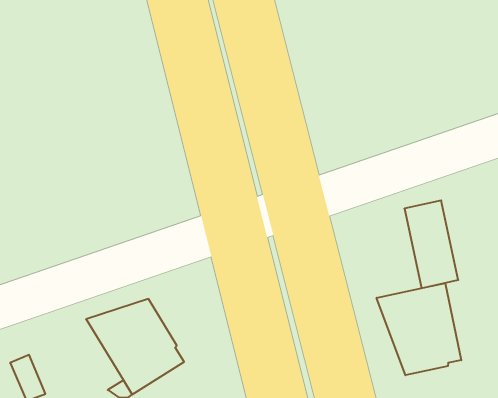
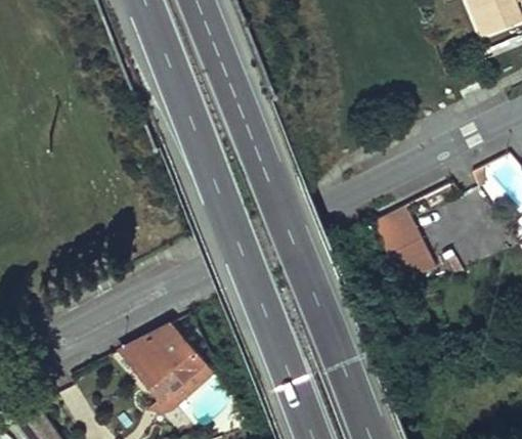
building: [377,283,461,375] -> none

